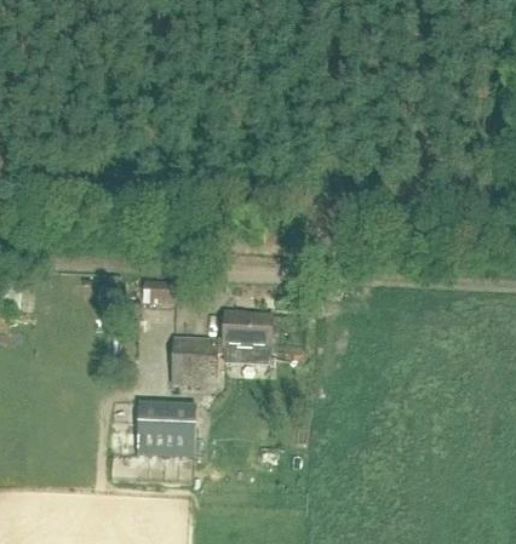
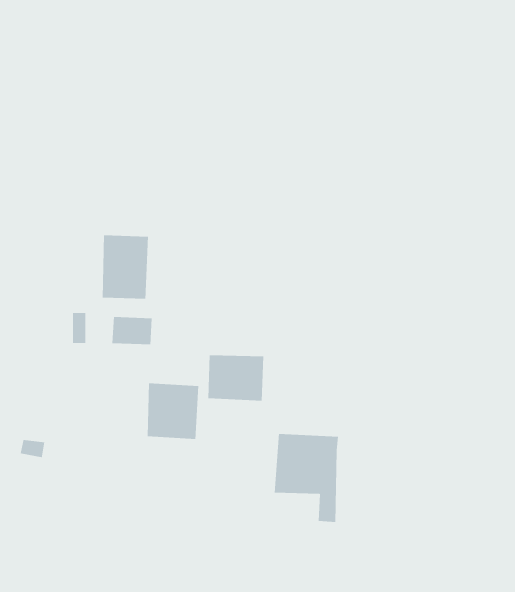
building: none -> [102,235,148,300]
building: [138,402,194,479] -> [274,434,339,523]

